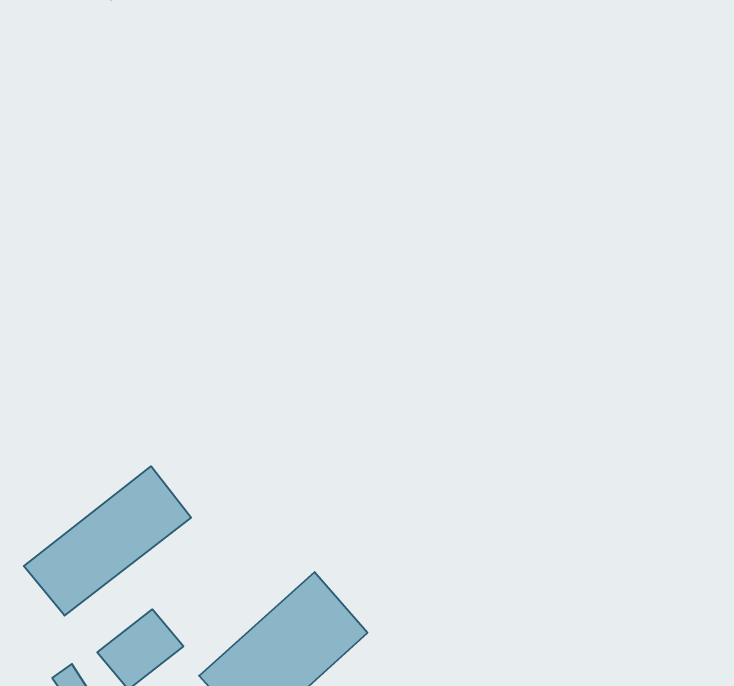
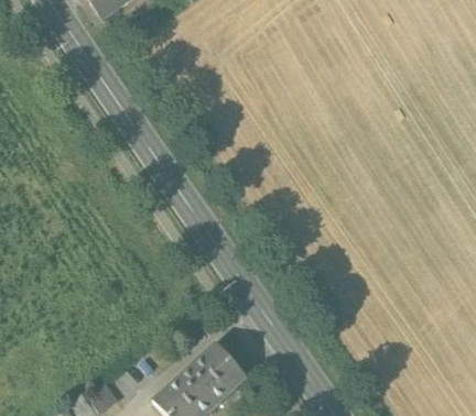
building: [24,466,191,616] -> none

